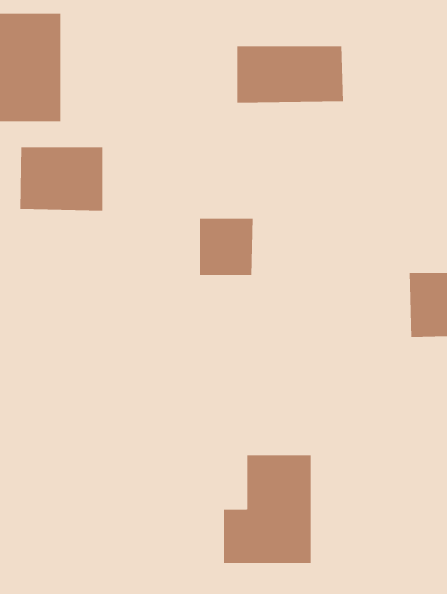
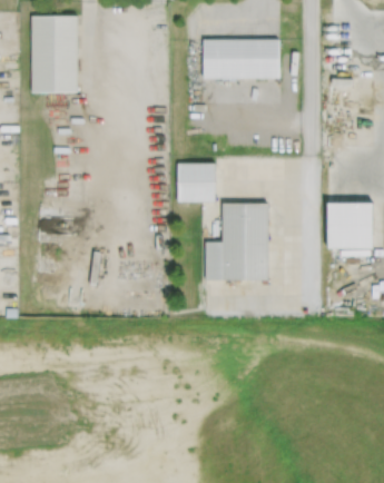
building: [20,147,103,211] -> none
building: [223,455,312,563] -> [206,203,269,280]

